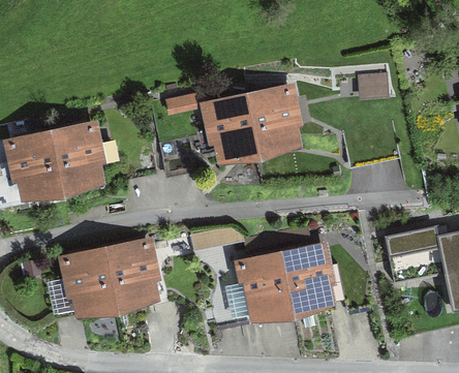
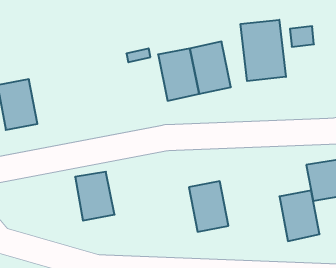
building: none -> [241,20,286,81]
building: [49,126,98,187] -> none
building: [279,249,328,310] -> [279,190,320,241]
building: [67,251,114,311] -> none

